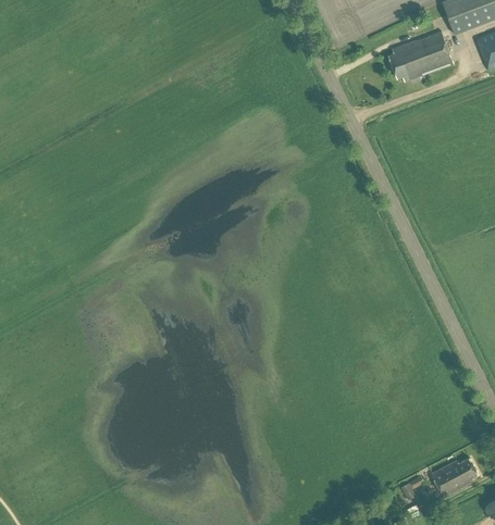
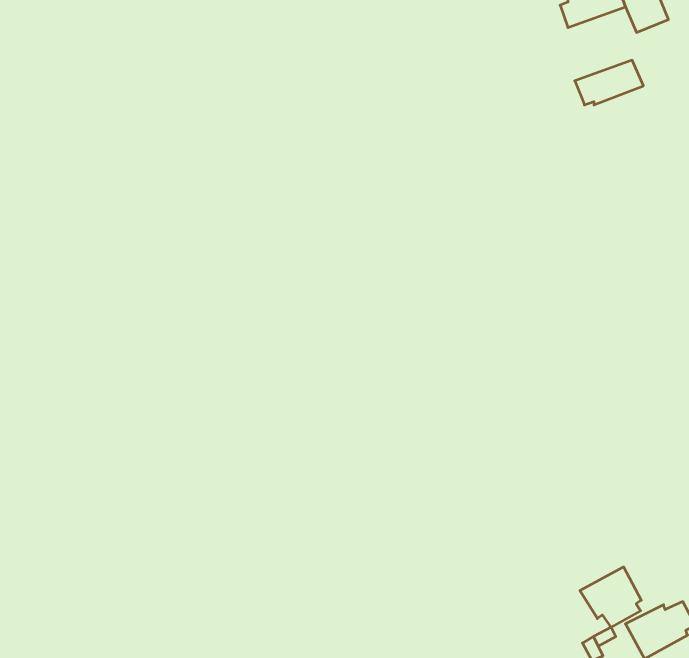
building: [392,52,438,83] -> [575,60,643,105]
building: none -> [580,567,641,627]

